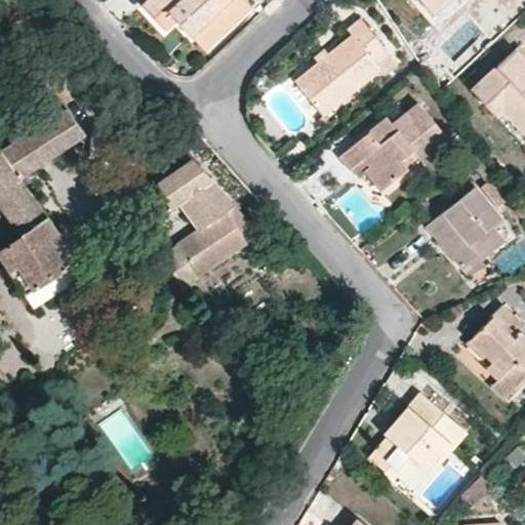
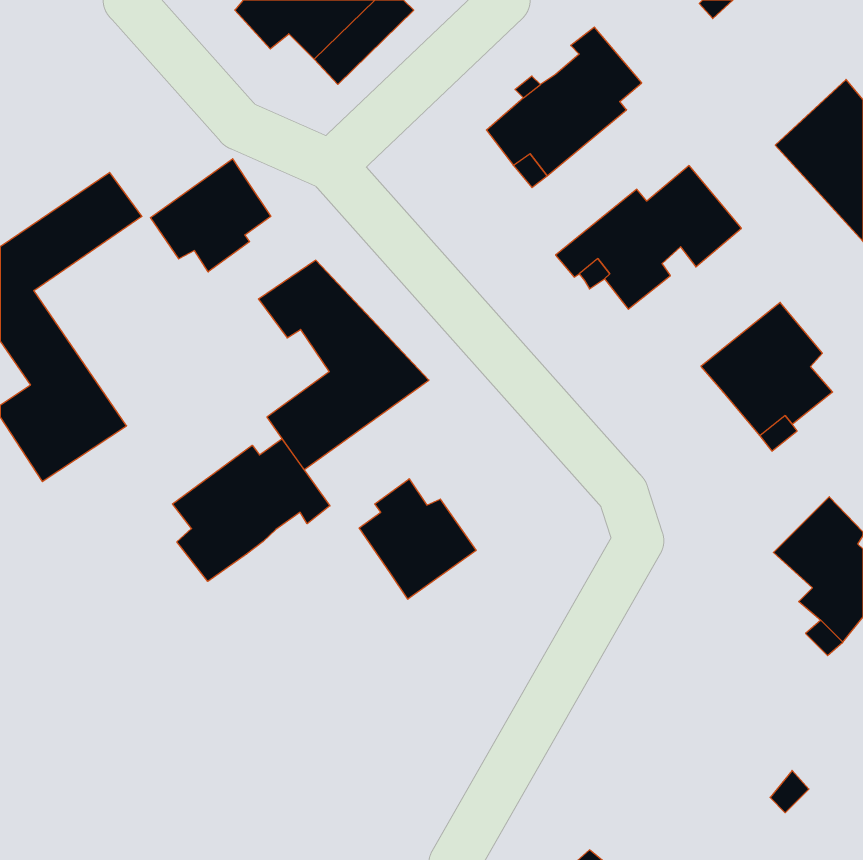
building: none -> [150,159,271,272]
building: none -> [172,439,330,581]
building: none -> [359,479,476,599]
building: [369,392,466,494] -> none

